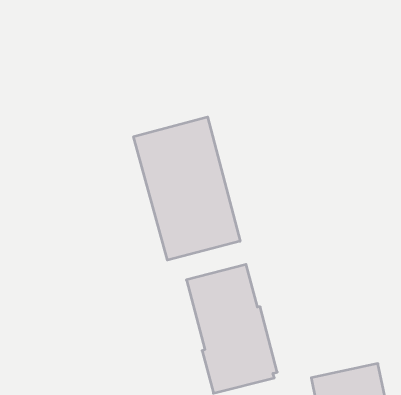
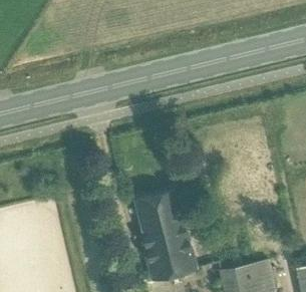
building: [134,117,240,260] -> none

